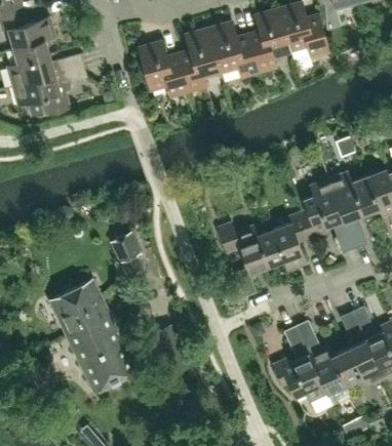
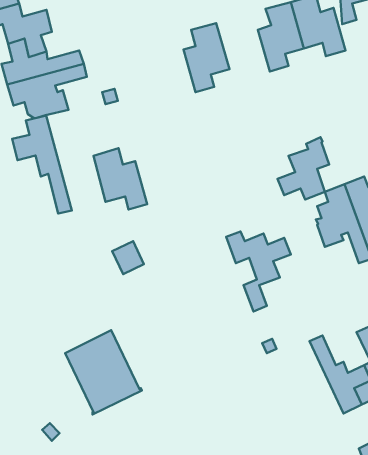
building: [208,21,259,78] -> none
building: [139,40,189,97] -> [93,148,147,210]
building: none -> [12,116,72,213]
building: [262,211,310,270] -> [278,137,329,200]
building: [47,278,110,336] -> none
building: [273,325,327,401] -> none

